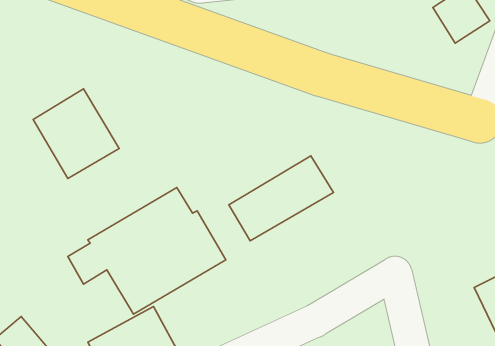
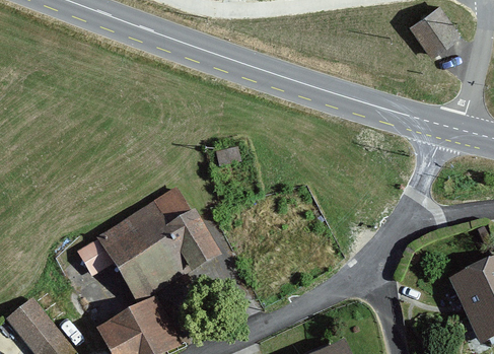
building: [33,89,119,178] -> none
building: [229,156,333,241] -> none

